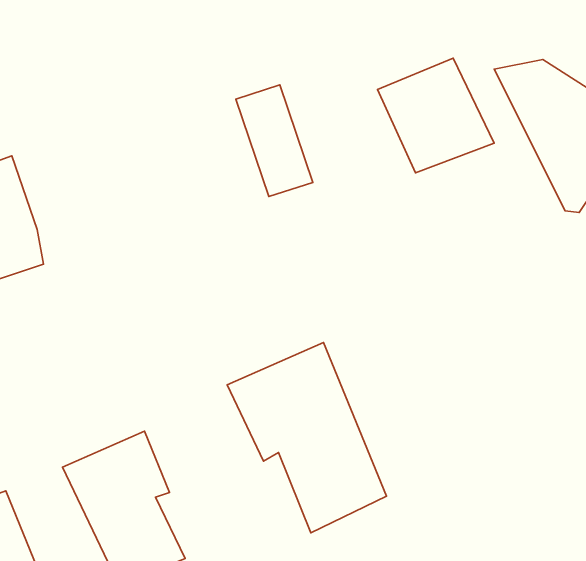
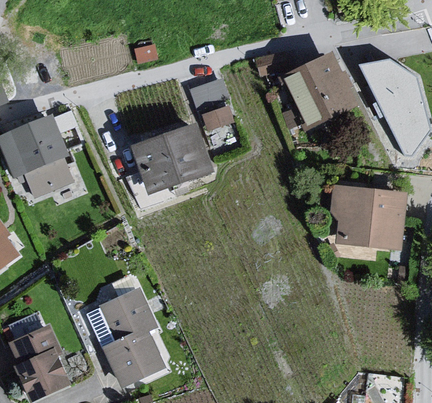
building: none -> [132,123,213,194]
building: none -> [328,185,408,250]
building: [227,342,386,533] -> none

